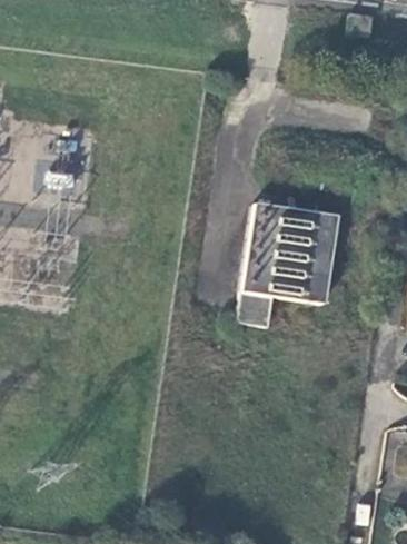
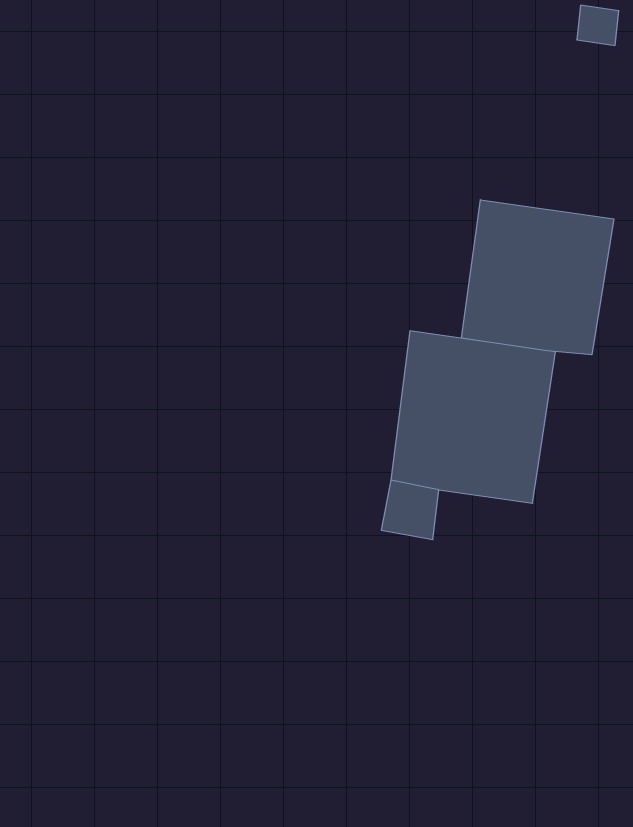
building: none -> [461,200,614,355]

